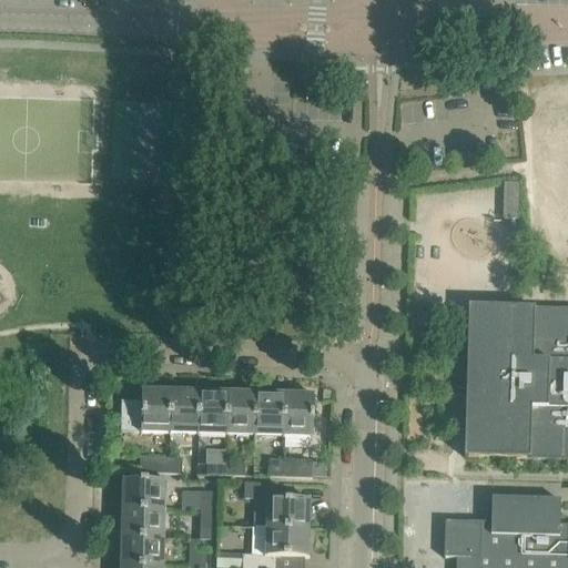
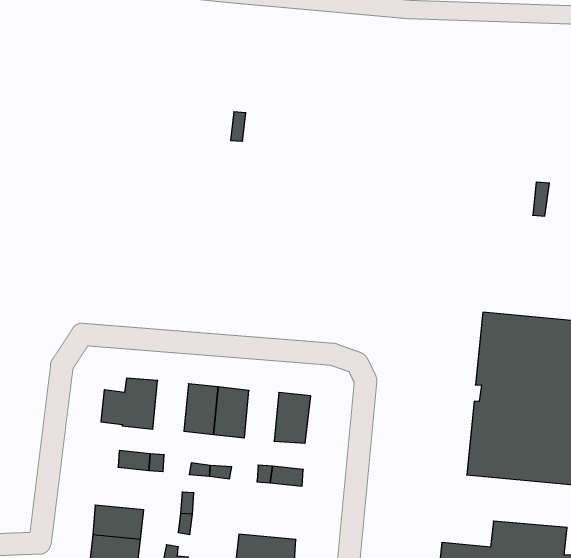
building: [171,386,201,432] -> none
building: [256,389,285,435] -> none
building: [122,476,168,507] -> none
building: [245,479,312,525] -> none

